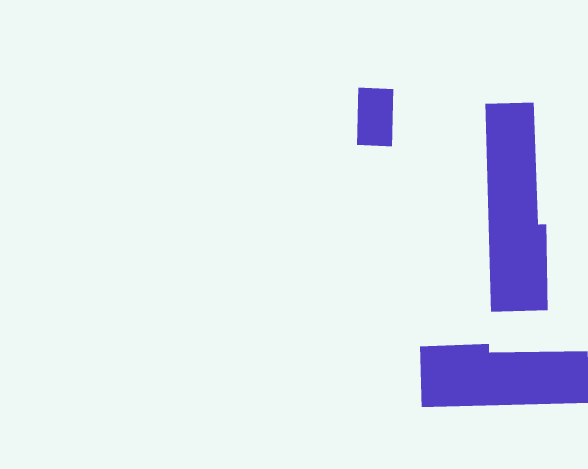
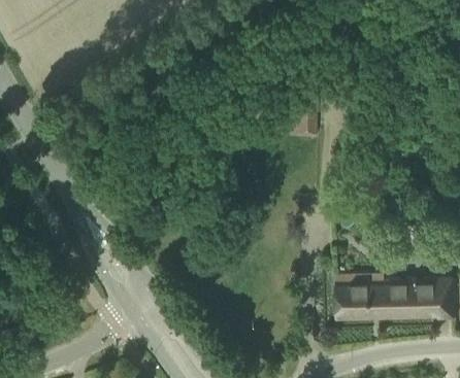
building: [485,102,548,313] -> none

